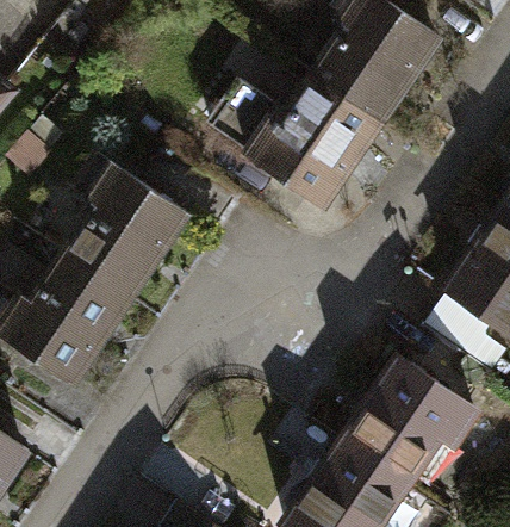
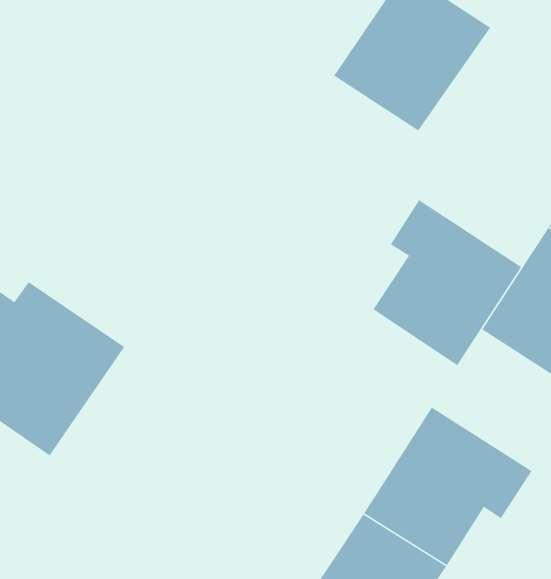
building: [210,75,381,204] -> none
building: [55,156,192,302] -> none
building: none -> [372,199,522,366]

